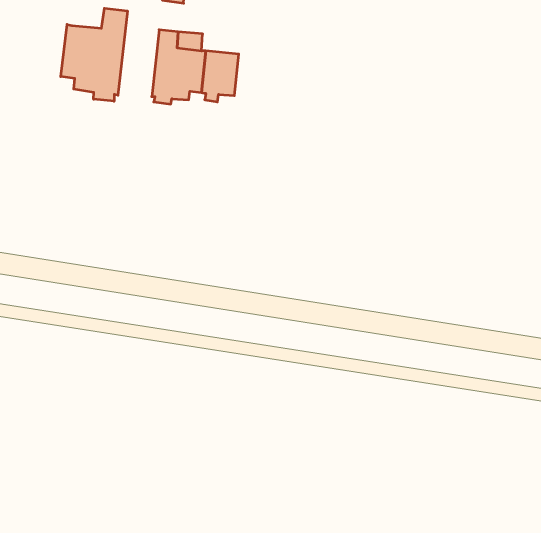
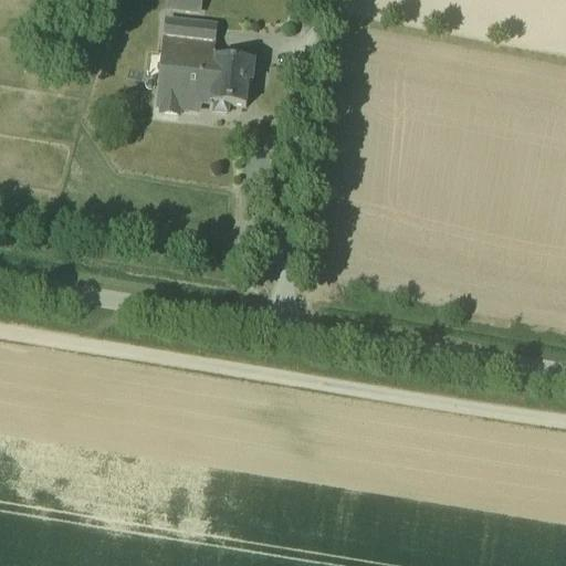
building: [61,8,127,101] -> none
building: none -> [167,13,214,35]

